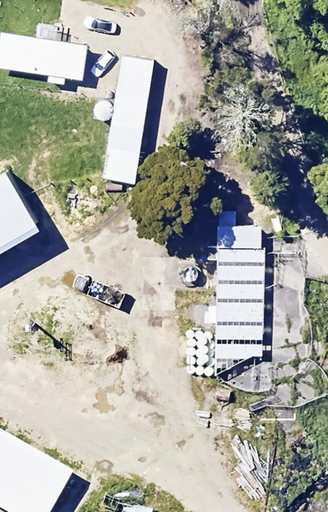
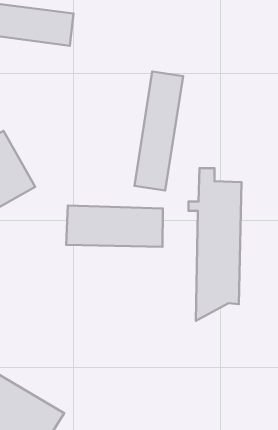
building: [102,53,154,181] -> [134,71,183,191]
building: none -> [66,205,163,247]

